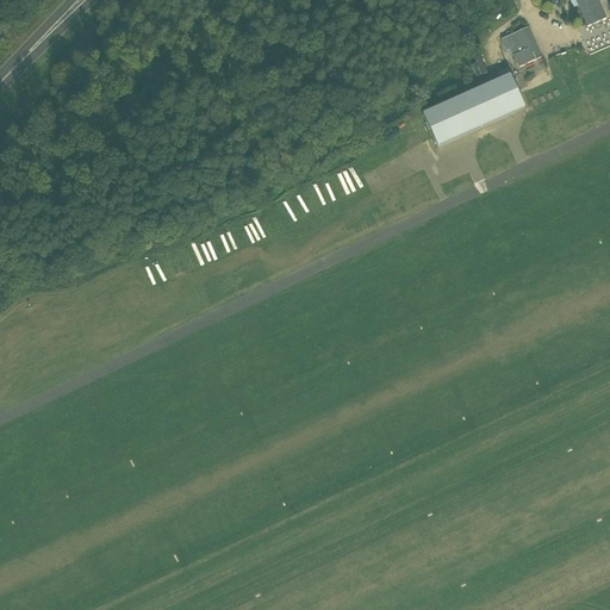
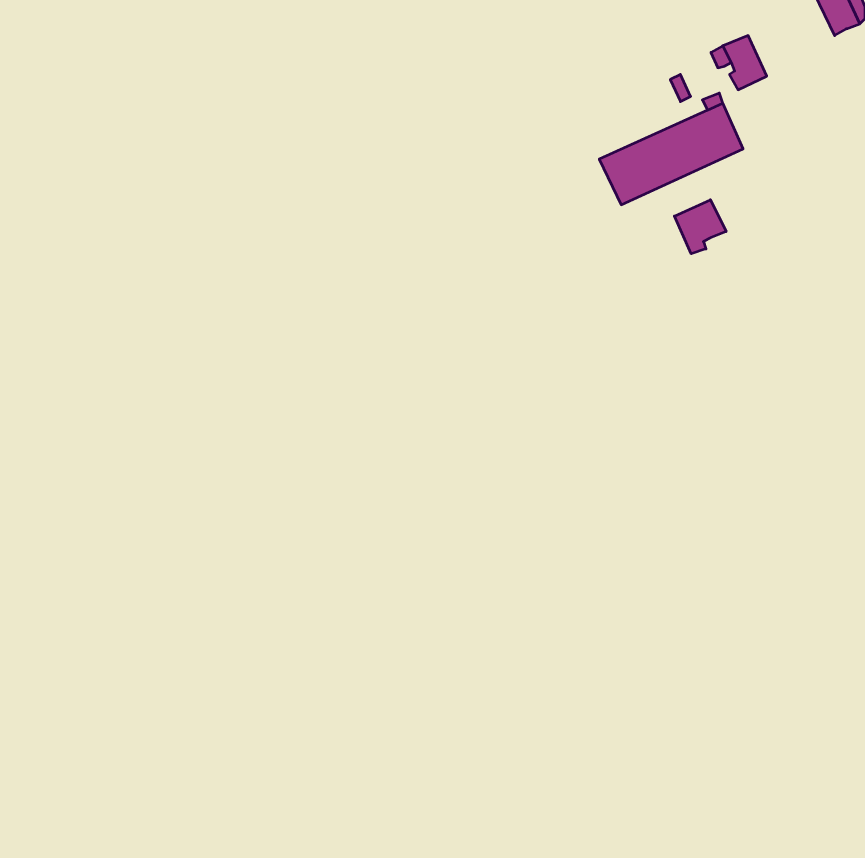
building: none -> [674,200,726,254]

